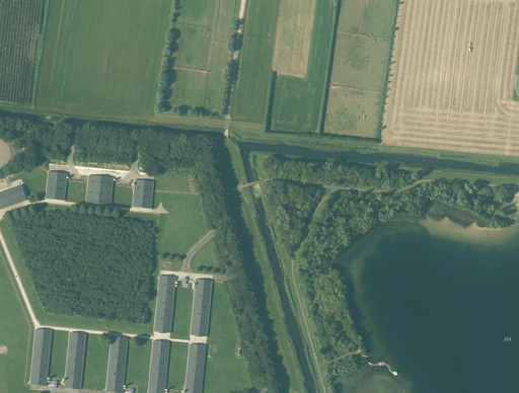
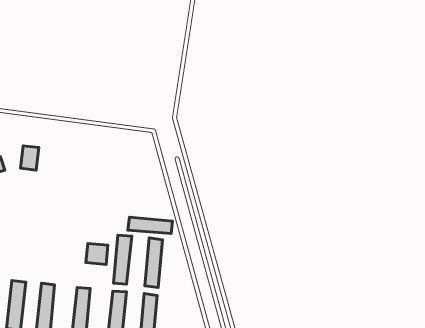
building: [86,175,113,205] -> none
building: [132,179,153,208] -> none
building: none -> [128,217,173,233]
building: none -> [86,243,108,264]

